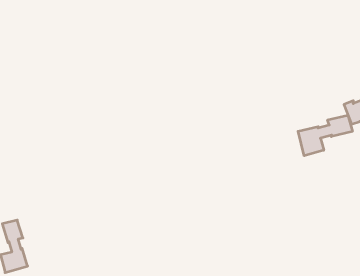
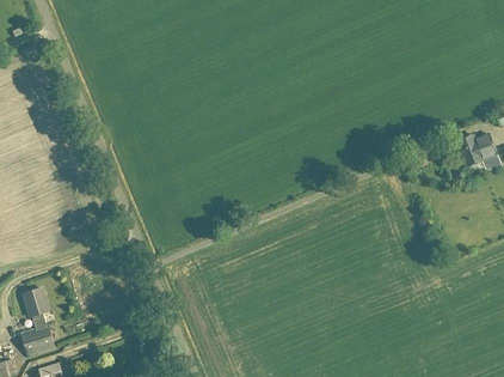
building: [298,115,352,156] -> none

